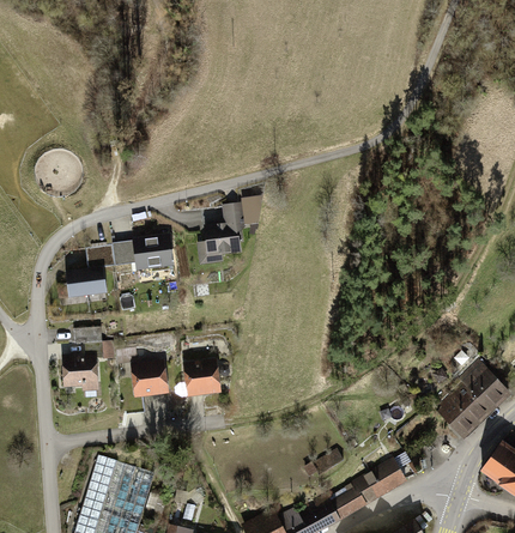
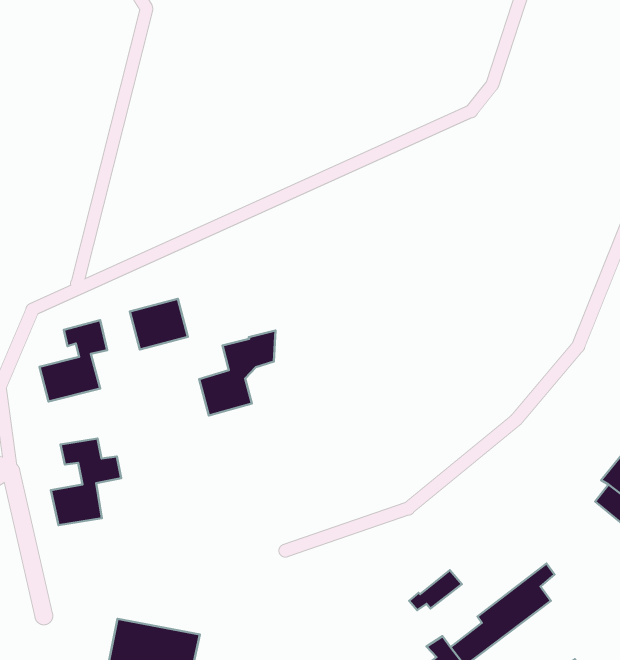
building: [204,201,261,255] -> [199,331,275,415]
building: [133,363,164,395] -> none
building: [186,363,217,394] -> none

